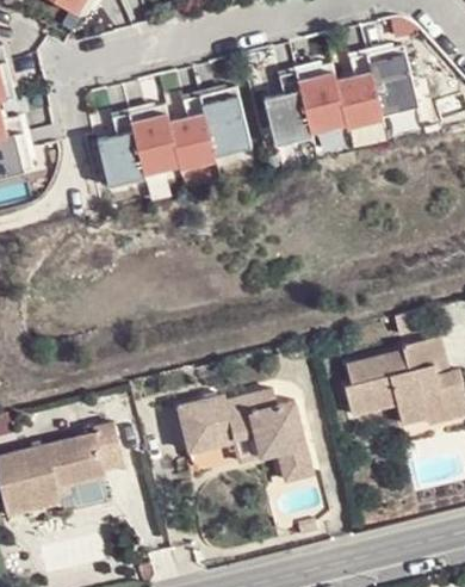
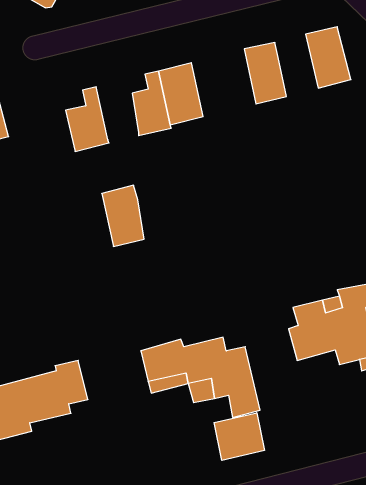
building: [335,52,382,126] -> none
building: [264,69,311,144] -> none
building: [130,103,178,172] -> [102,185,144,246]
building: none -> [214,413,264,460]

